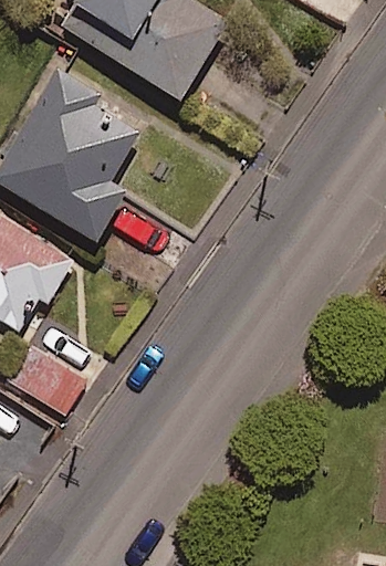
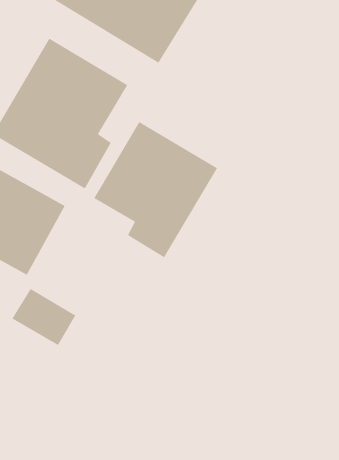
building: none -> [94,121,218,258]

